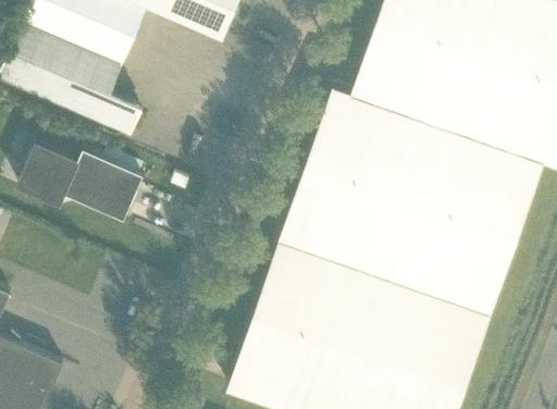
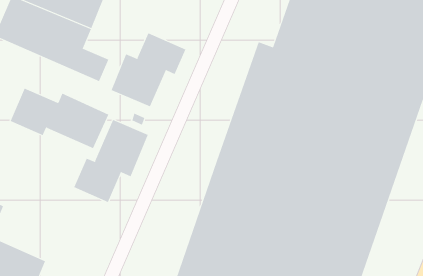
building: none -> [111,33,186,107]
building: none -> [74,119,149,203]

